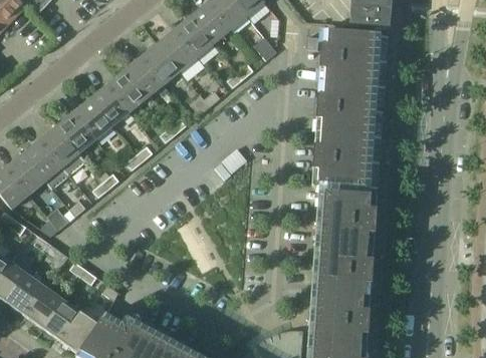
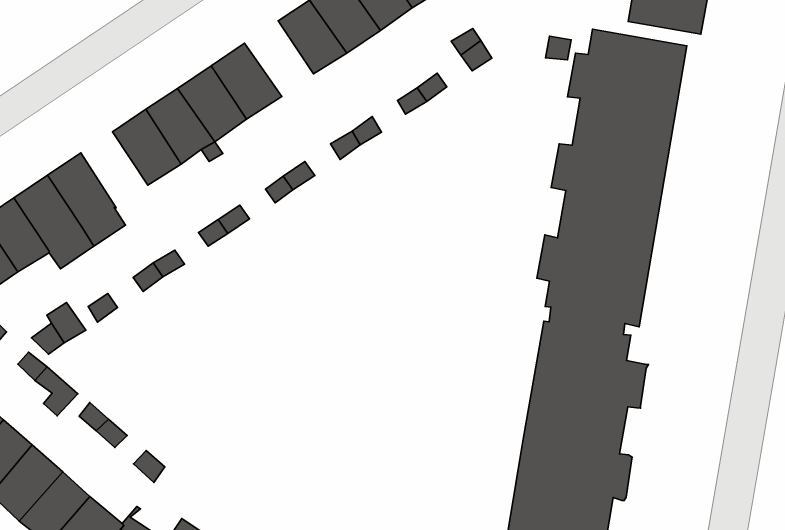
building: [142,42,181,83] -> none
building: [58,111,96,152] -> none

